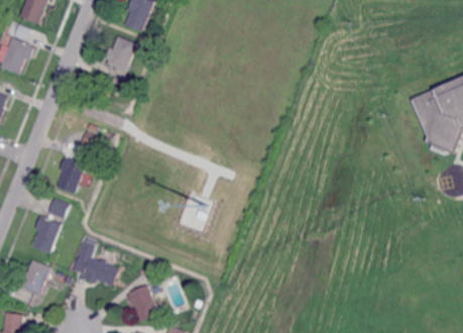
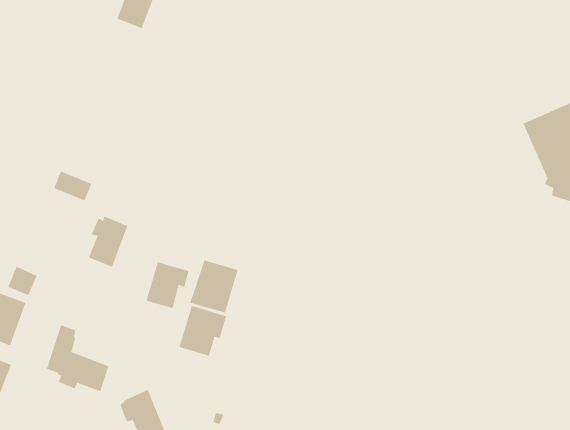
building: [105,35,136,71] -> none
building: [57,156,86,193] -> [88,216,128,268]
building: none -> [146,261,189,309]
building: none -> [179,305,227,356]

